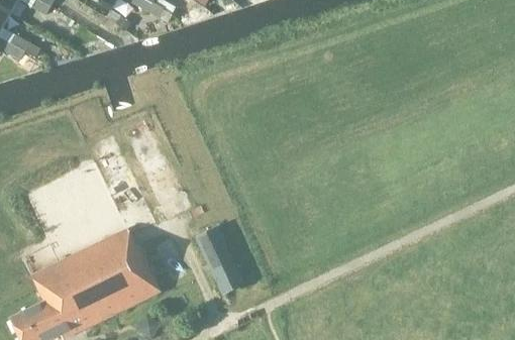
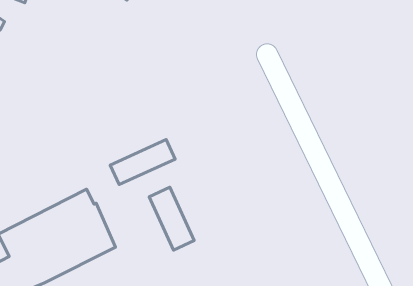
building: none -> [110,140,175,185]

